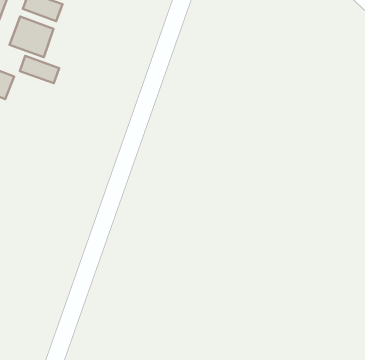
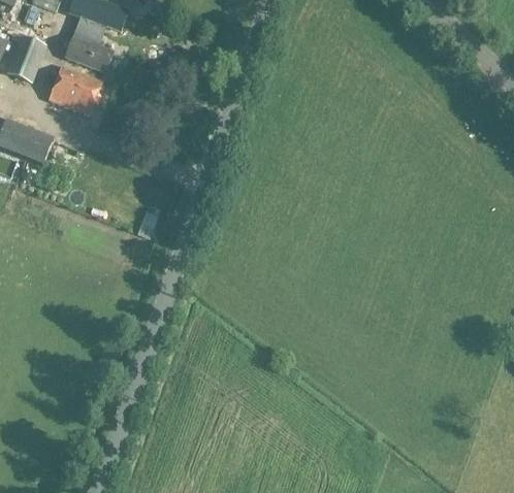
building: [20,56,59,83] -> none

